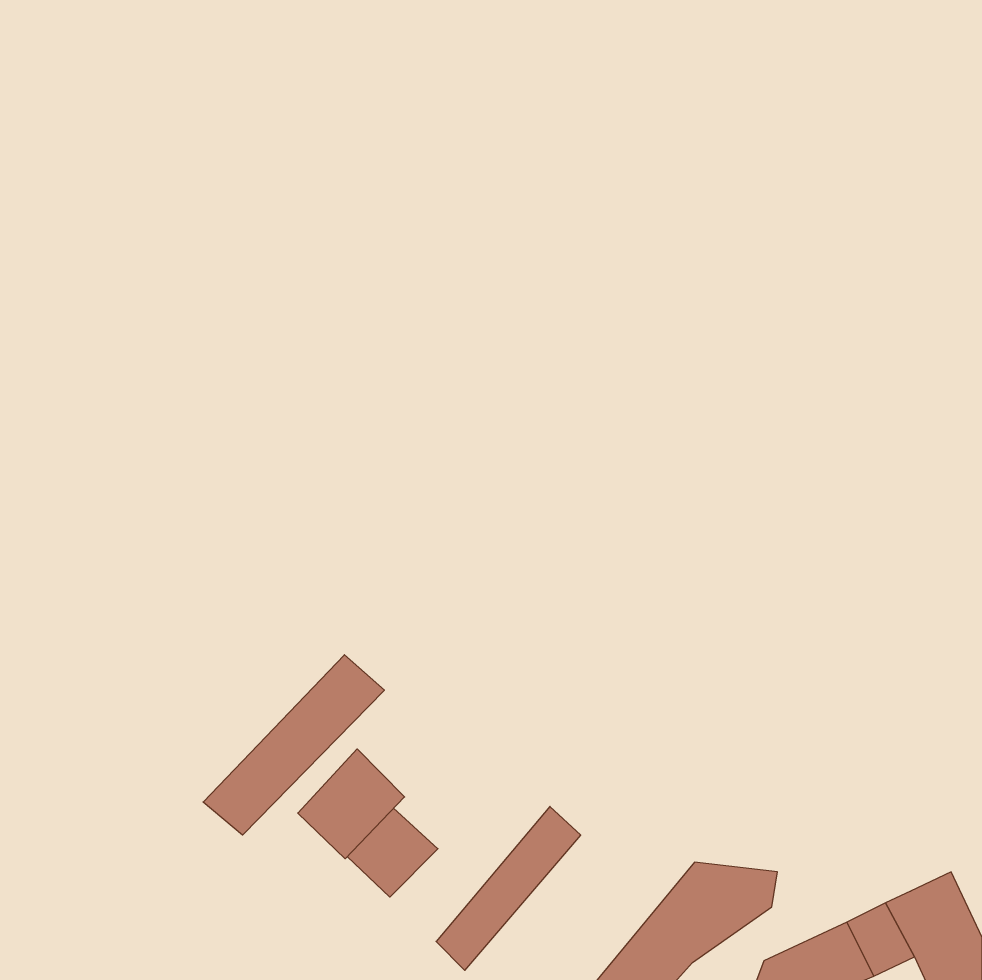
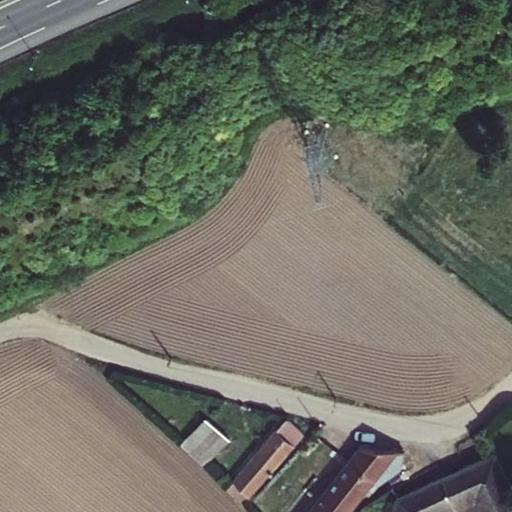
building: [203,655,384,835] -> none
building: [298,749,405,859] -> none

